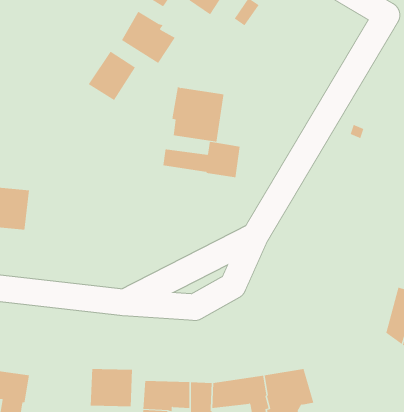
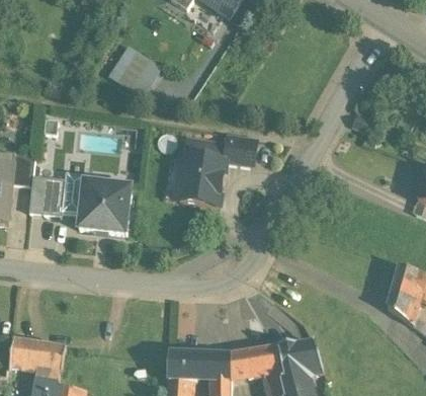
building: [121,11,175,64] -> none
building: [172,86,224,142] -> [177,154,225,205]
building: none -> [77,178,131,232]
building: [90,368,133,407] -> none

